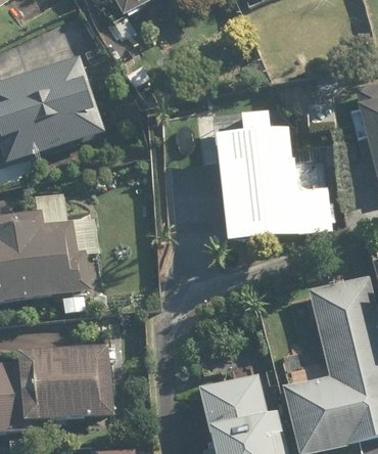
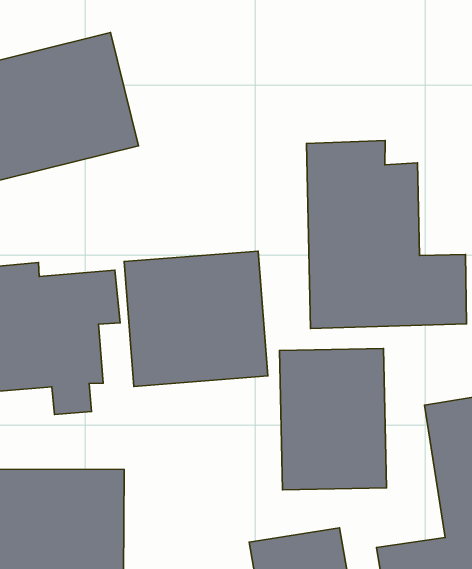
building: none -> [124,251,268,386]
building: none -> [279,348,387,490]

